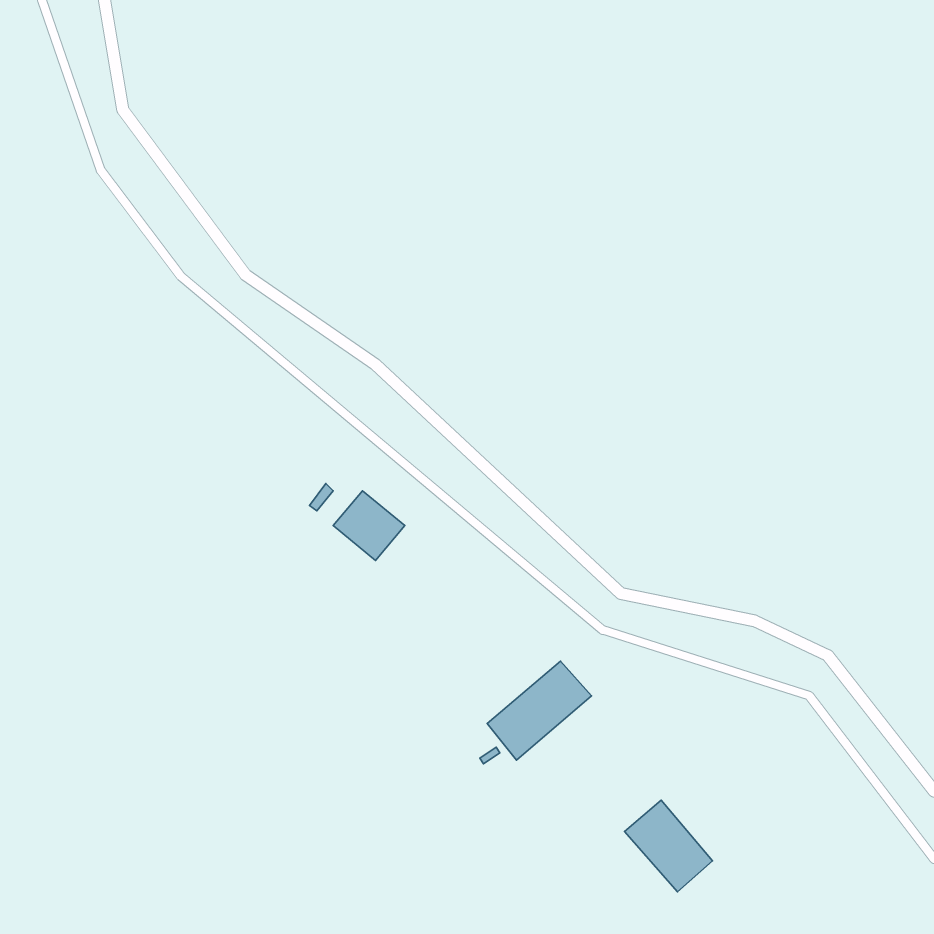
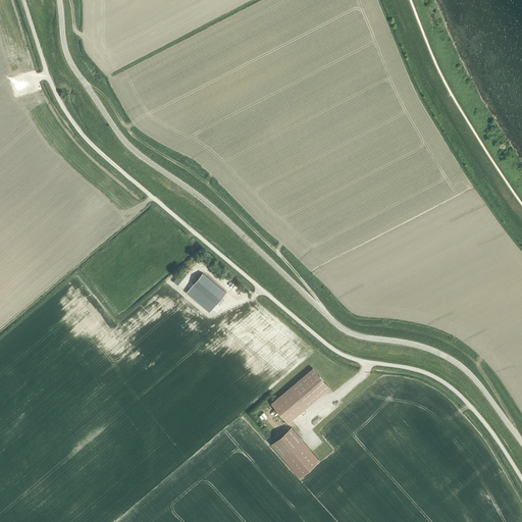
building: [625,800,712,892] -> [270,427,319,478]

